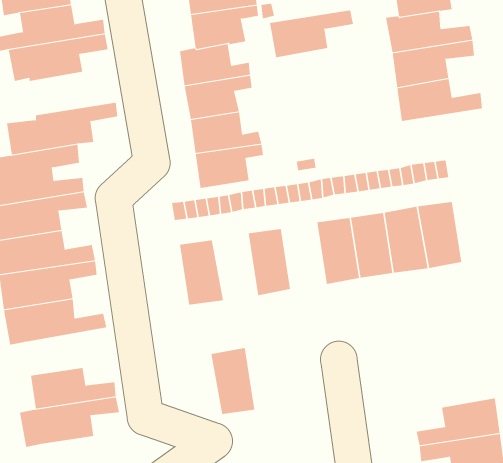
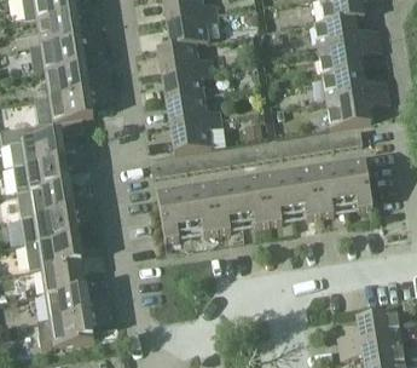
building: [269,10,354,58] -> [325,91,389,127]
building: none -> [44,63,110,96]
building: none -> [234,177,268,228]
building: none -> [41,257,104,293]
building: [210,347,255,415] -> [183,185,216,236]

